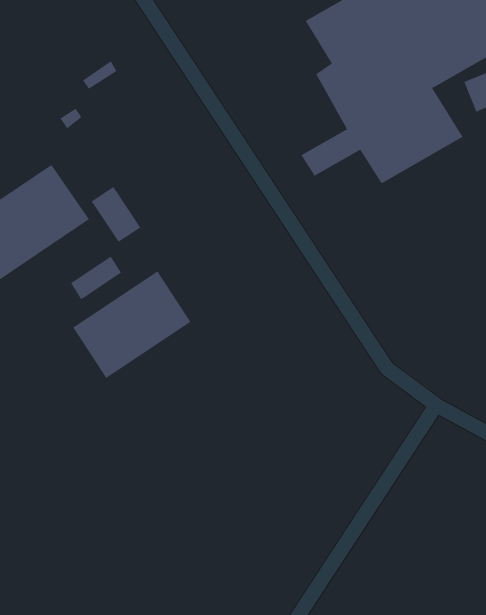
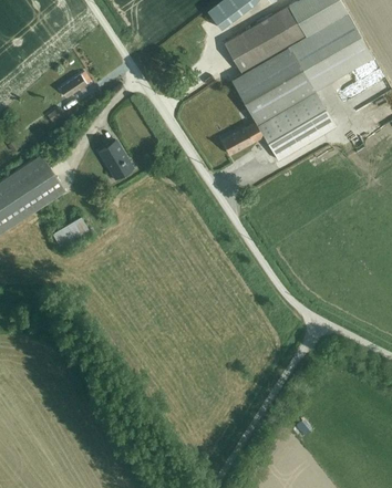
building: [91,186,141,243] -> [95,136,132,177]
building: [73,270,191,379] -> none

